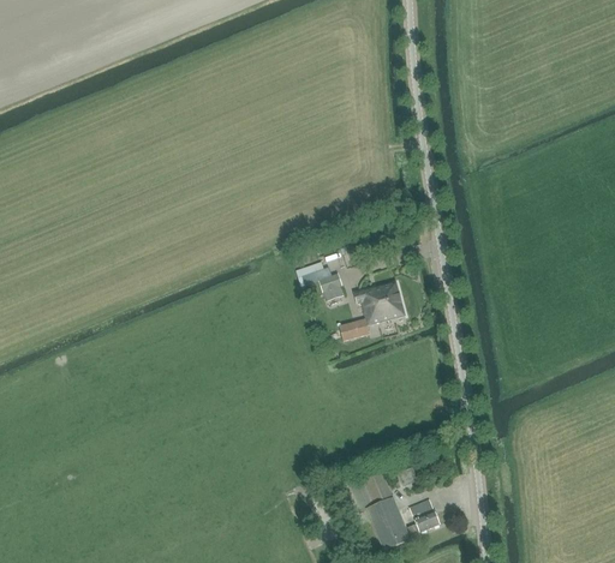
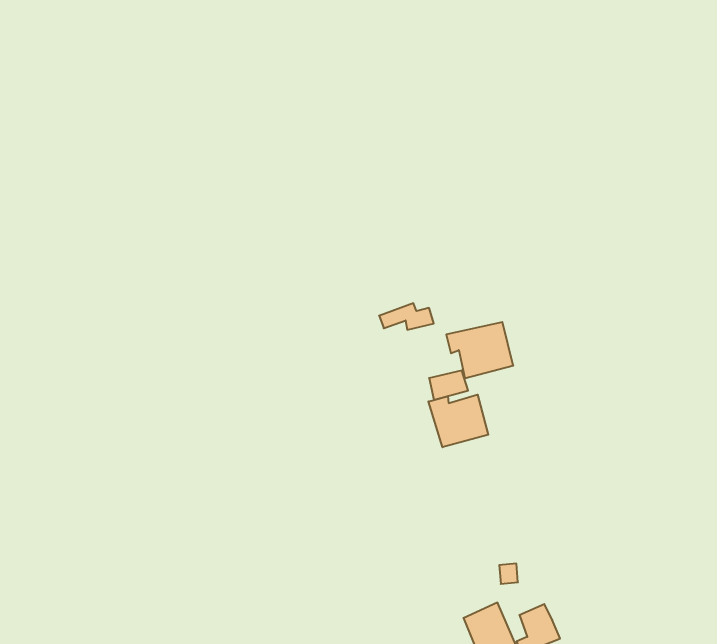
building: none -> [428,395,488,447]
building: [350,469,393,510] -> none

